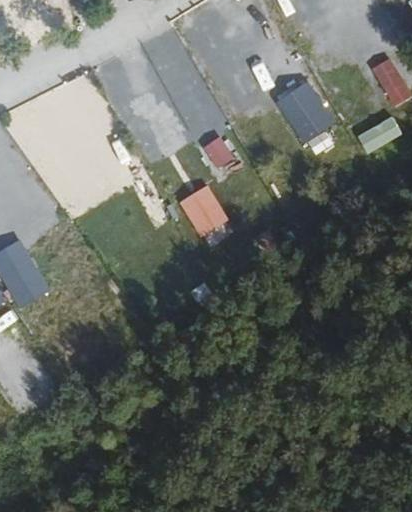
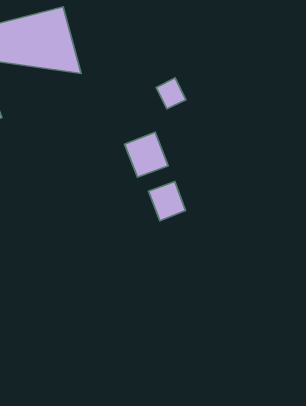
building: [278,86,337,150] -> none
building: none -> [148,181,186,221]

